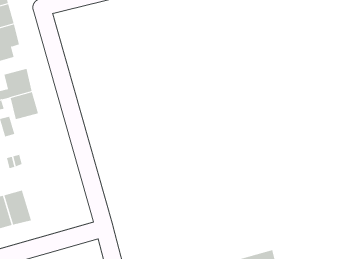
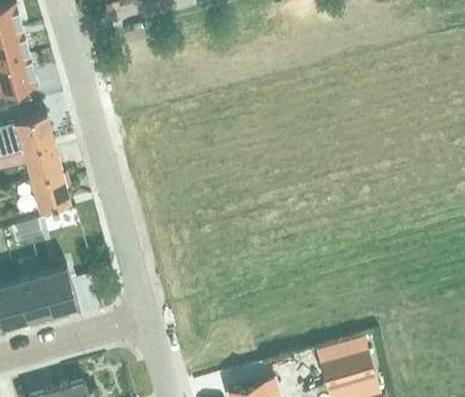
building: none -> [31,173,70,211]
building: none -> [40,265,77,313]

